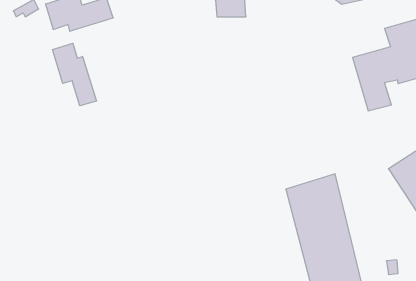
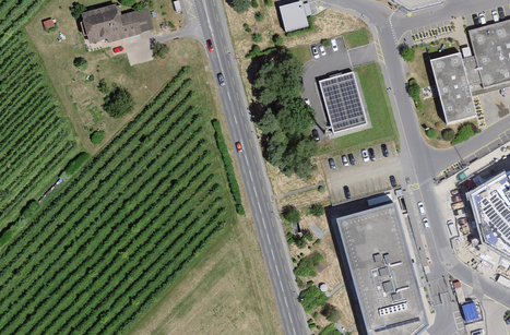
building: [53,43,96,106] -> none
building: none -> [318,74,368,136]

